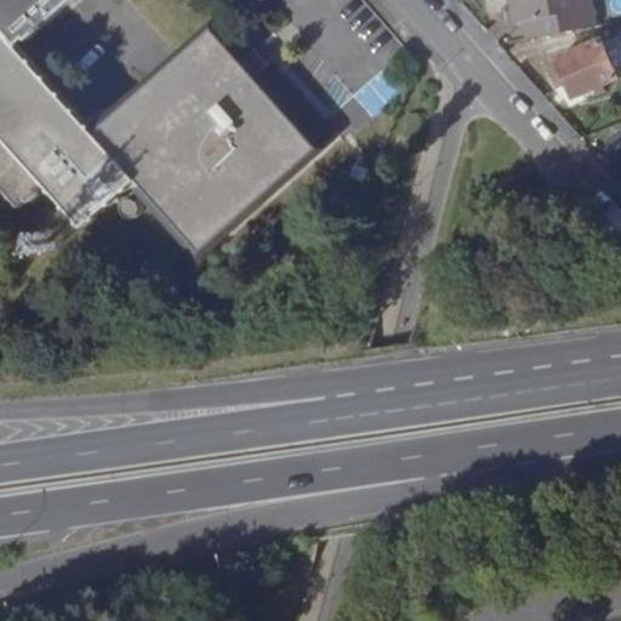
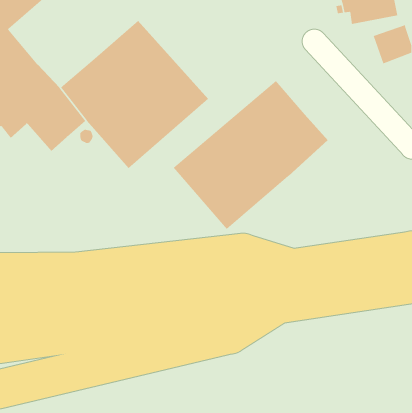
building: none -> [173,80,328,230]

